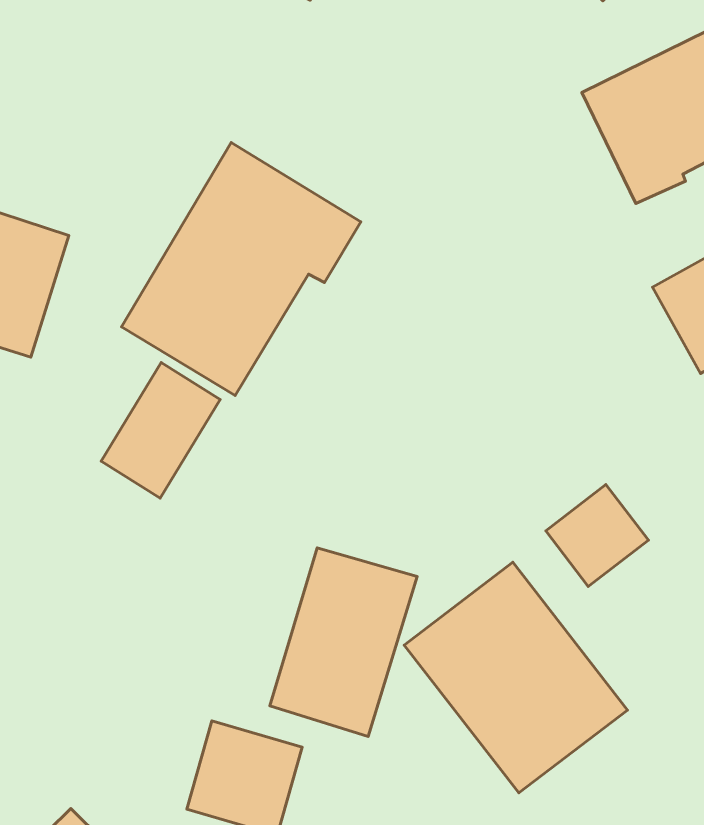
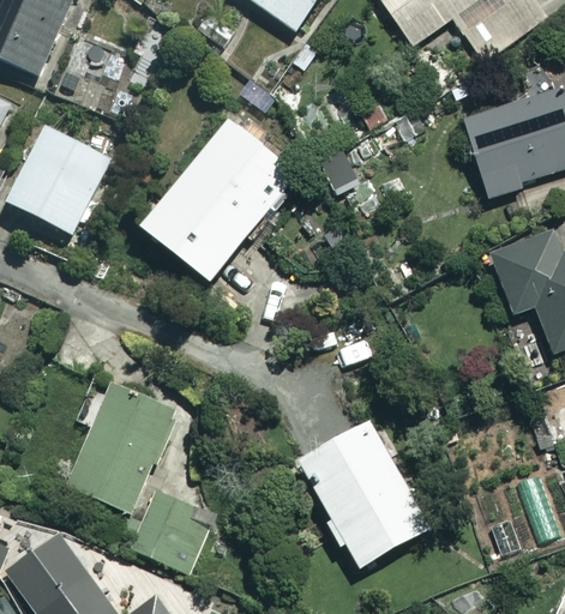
building: [101,362,220,498] -> none
building: [546,484,648,587] -> none
building: [270,548,417,736] -> [67,385,176,513]

